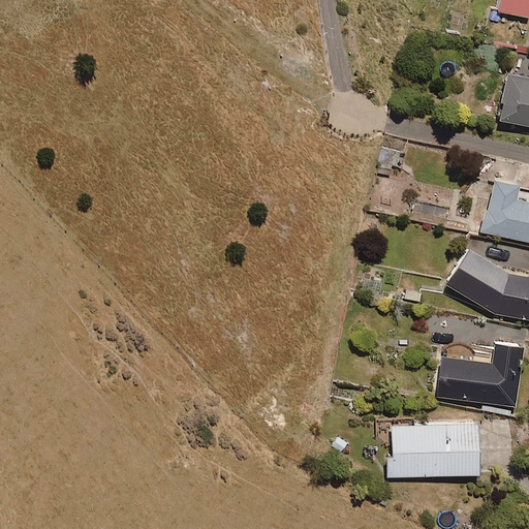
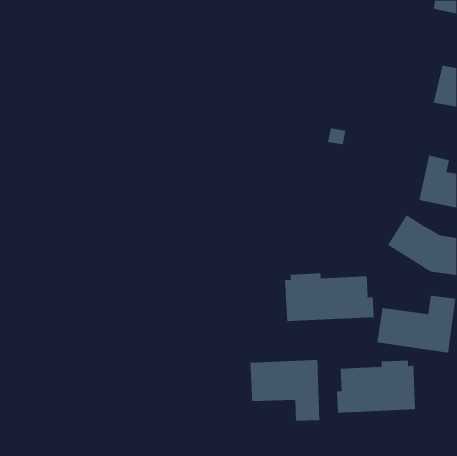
building: none -> [284,273,374,322]
building: none -> [250,359,320,422]

